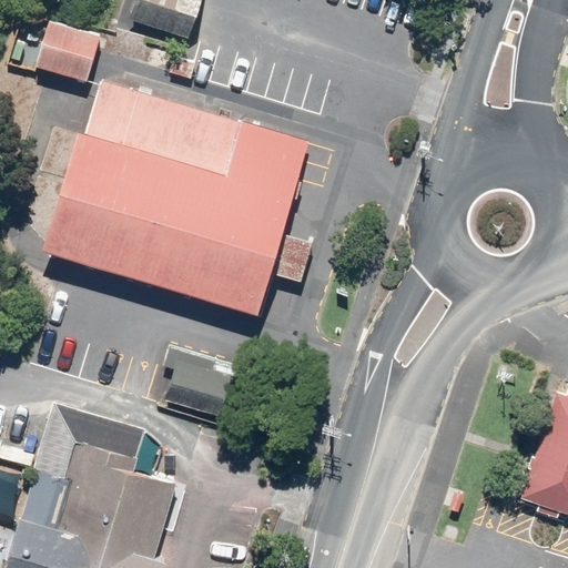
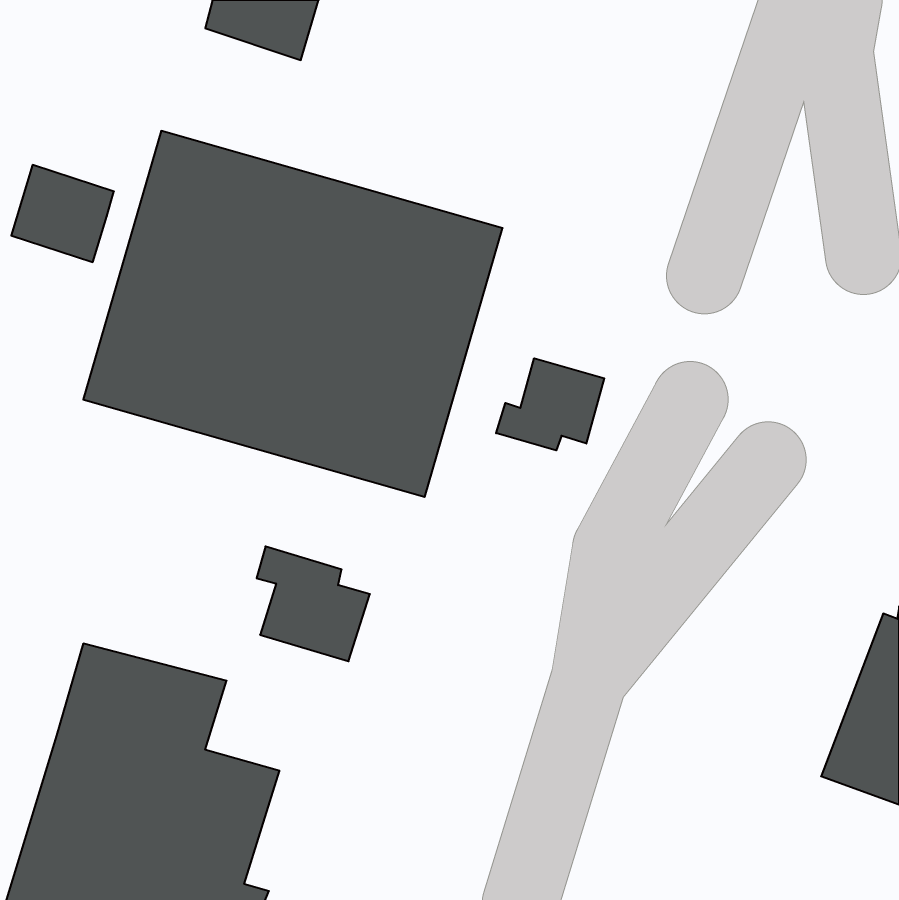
building: [36,21,100,82] -> [11,165,114,262]
building: none -> [496,358,604,450]

